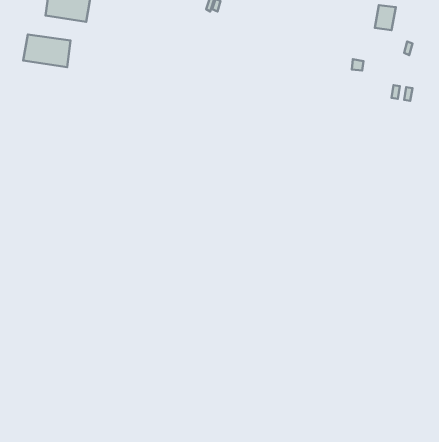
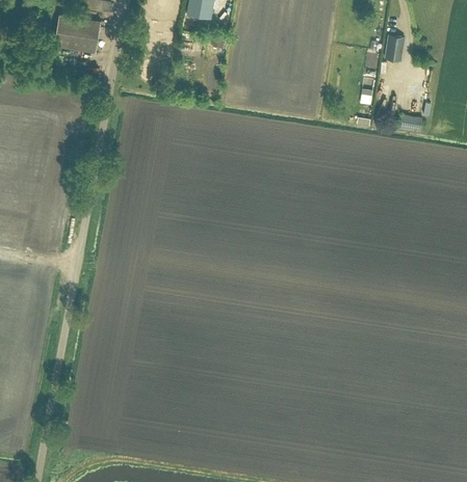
building: [23,34,70,67] -> none

